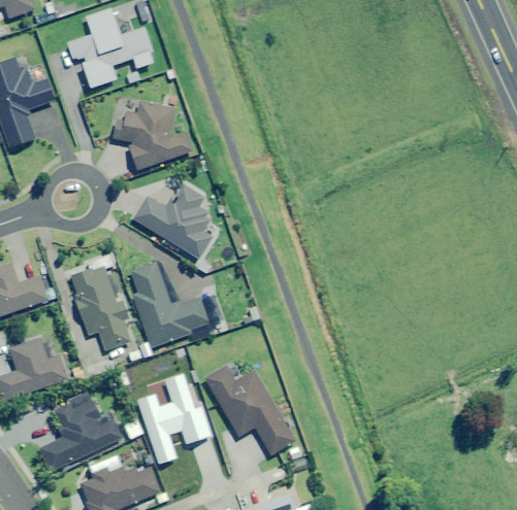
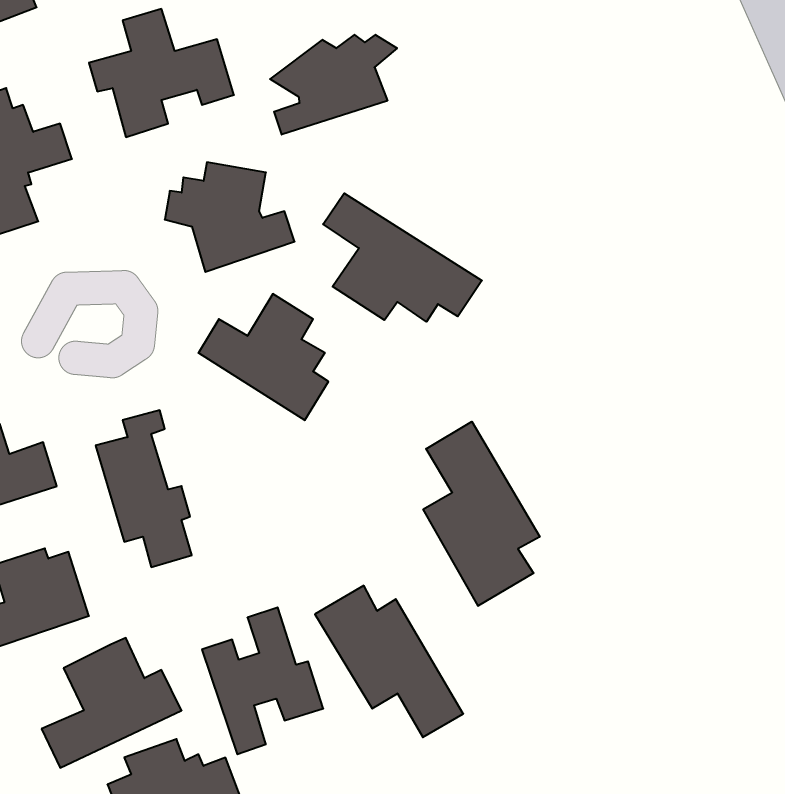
building: none -> [270,35,397,135]
building: none -> [323,193,482,322]
building: none -> [423,422,540,606]
building: [131,263,206,348] -> none

